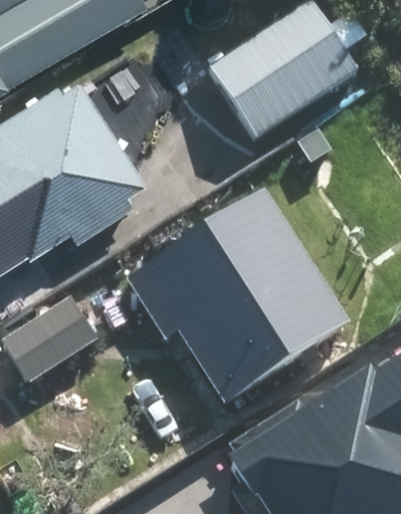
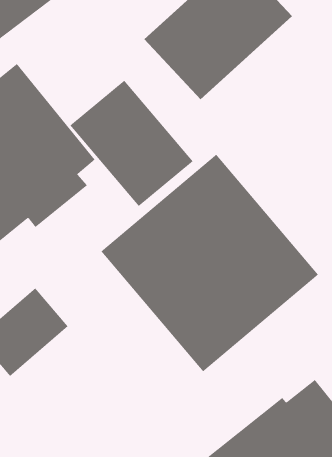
building: none -> [70,80,193,207]

